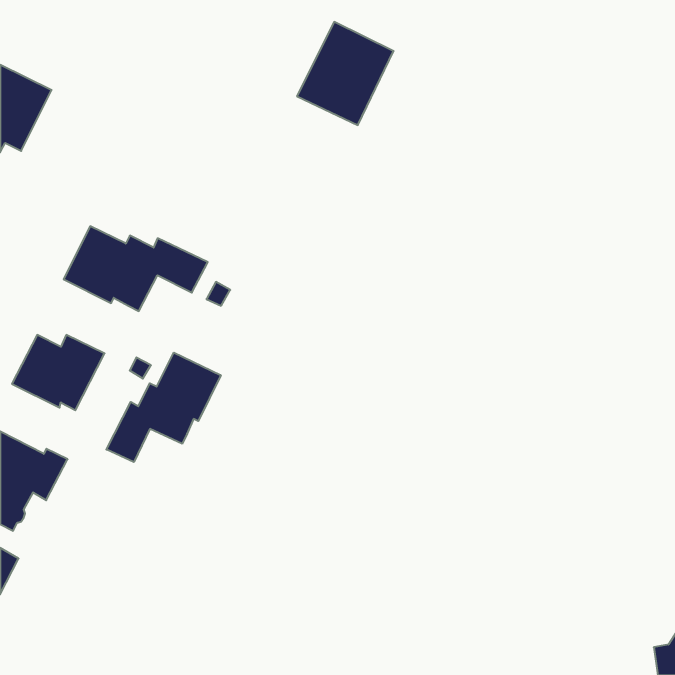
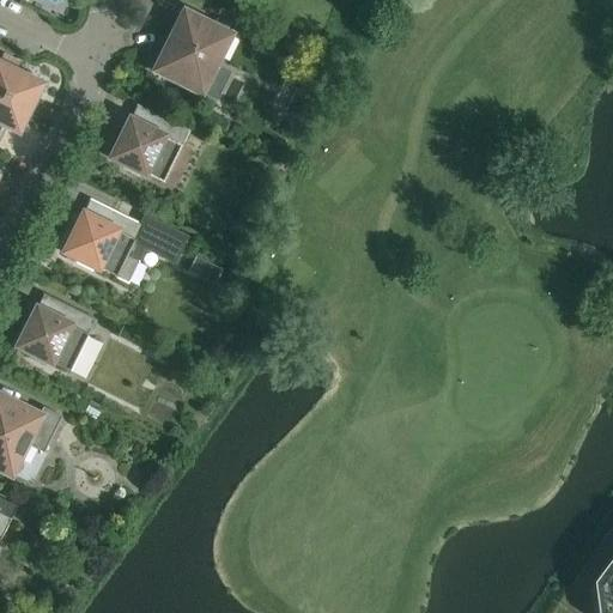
building: [297,22,394,125] -> [148,5,236,98]
building: none -> [105,113,189,182]
building: [106,353,221,462] -> none

